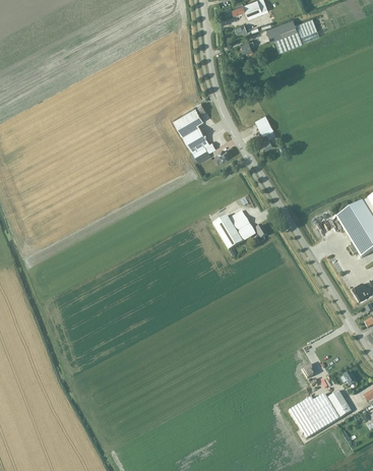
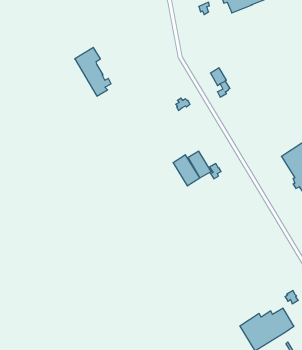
building: [174,106,215,162] -> [75,47,111,96]

